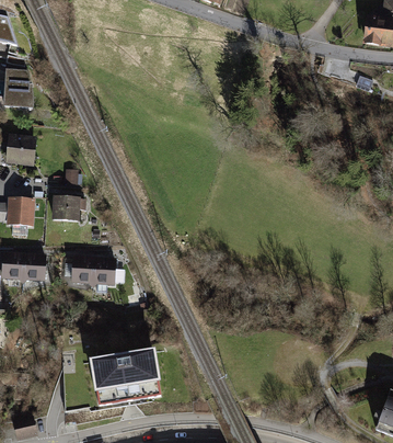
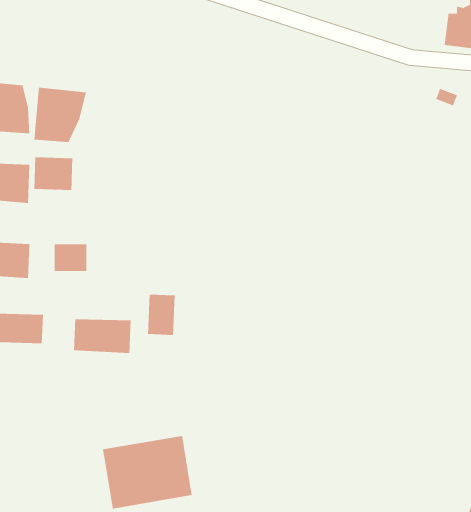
building: none -> [34,87,86,143]
building: none -> [34,156,73,191]
building: none -> [147,294,175,336]

